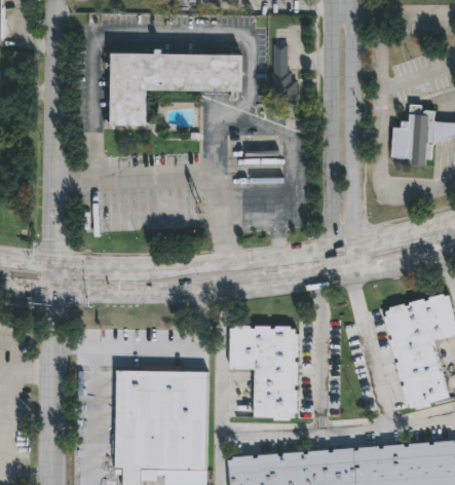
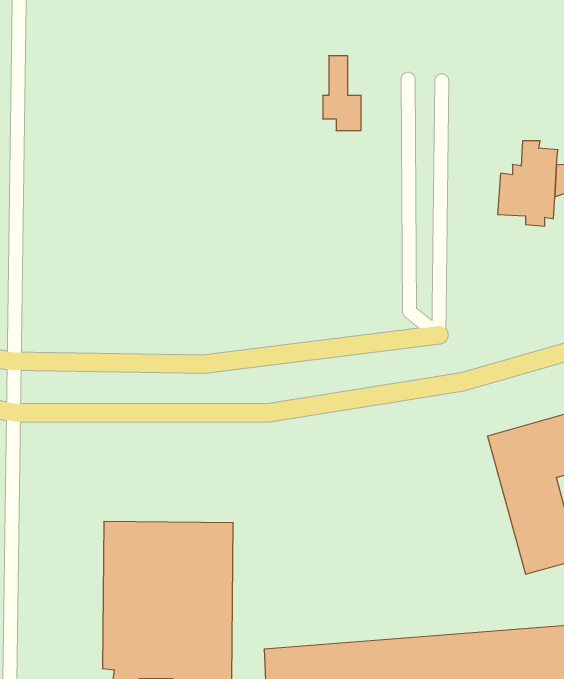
building: [109,52,239,125] -> none
building: [229,328,294,417] -> none

